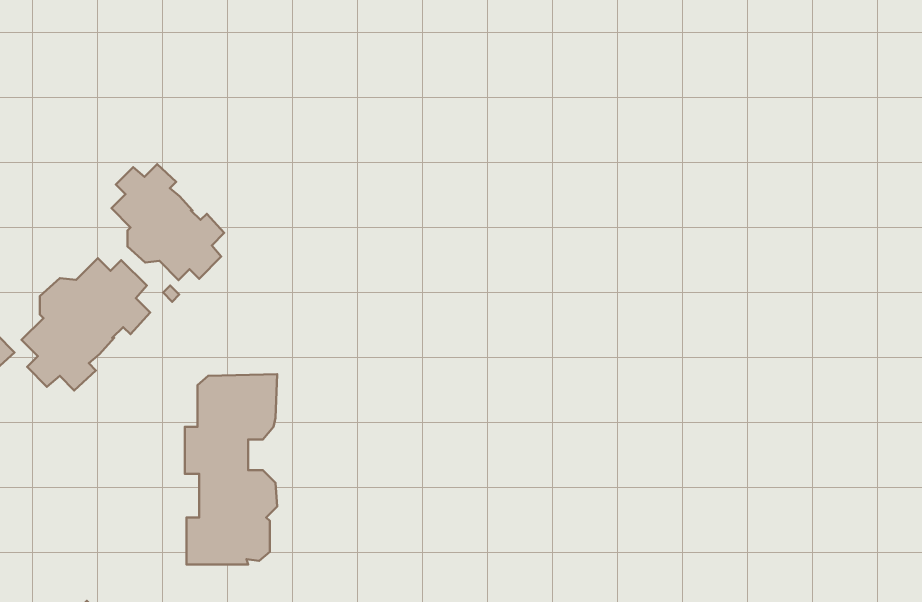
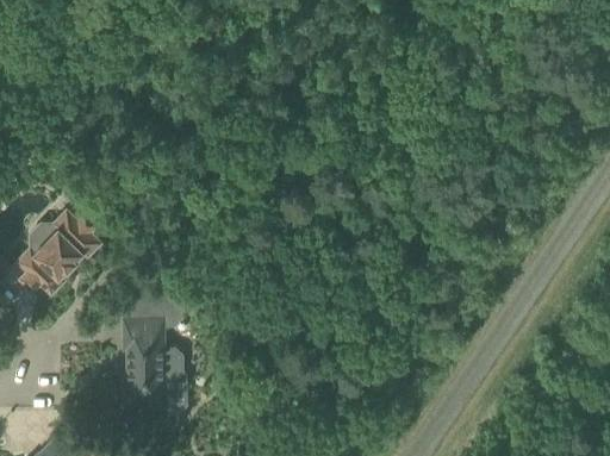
building: [111,164,224,280] -> none

